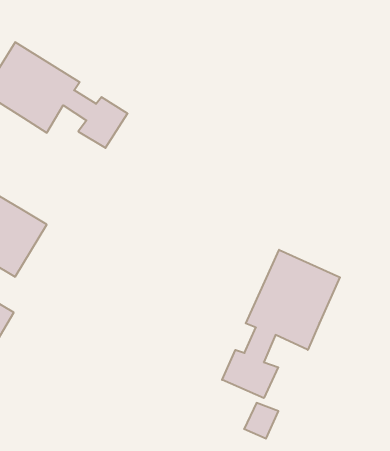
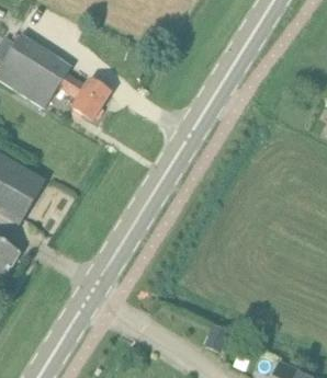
building: [222,250,340,398] -> none

